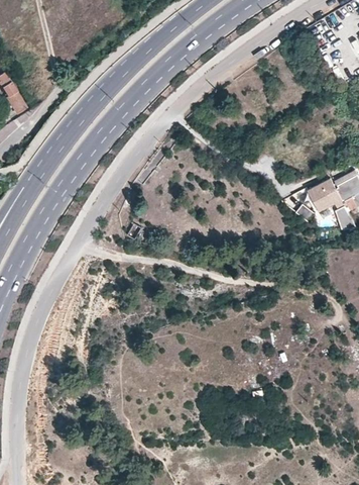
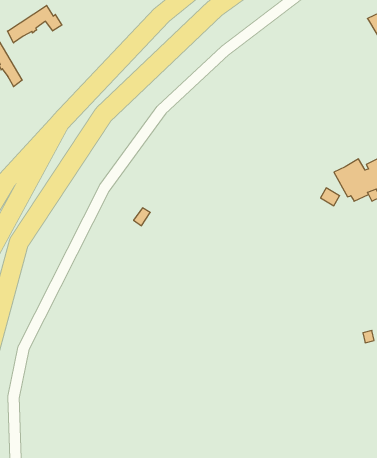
building: none -> [7,5,62,43]

